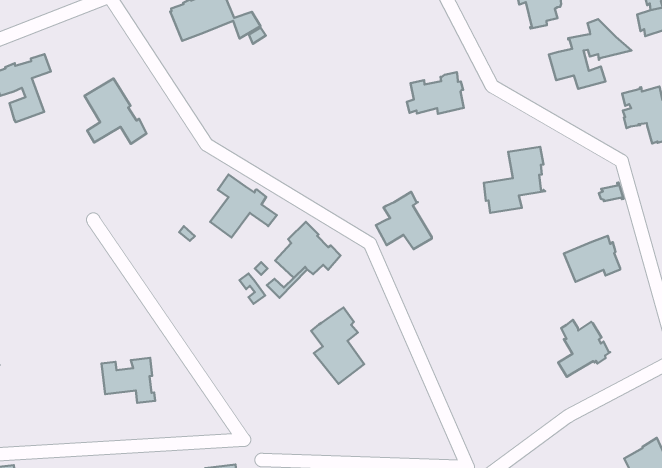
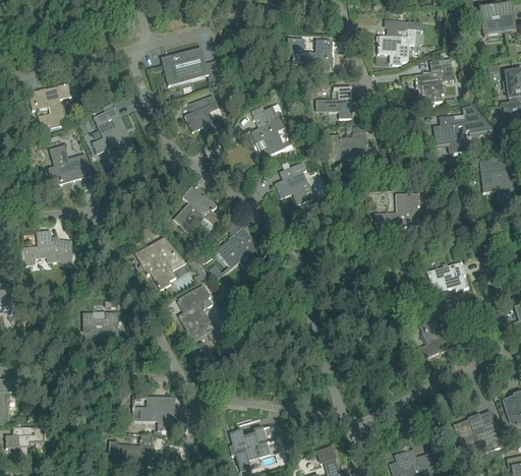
building: none -> [314,84,352,117]
building: none -> [183,94,220,134]
building: none -> [250,105,284,156]
building: none -> [47,143,91,185]
building: [376,192,432,249] -> [274,161,313,202]
building: none -> [134,236,182,289]
building: none -> [22,229,71,264]
building: [311,308,364,384] -> [177,284,213,339]

